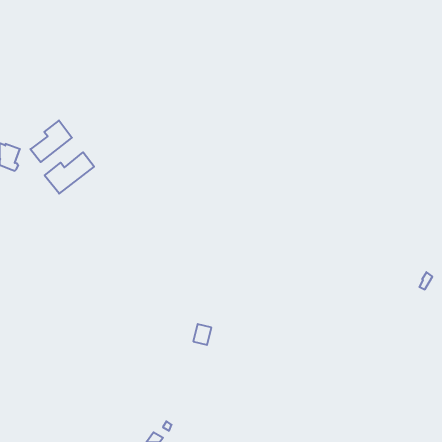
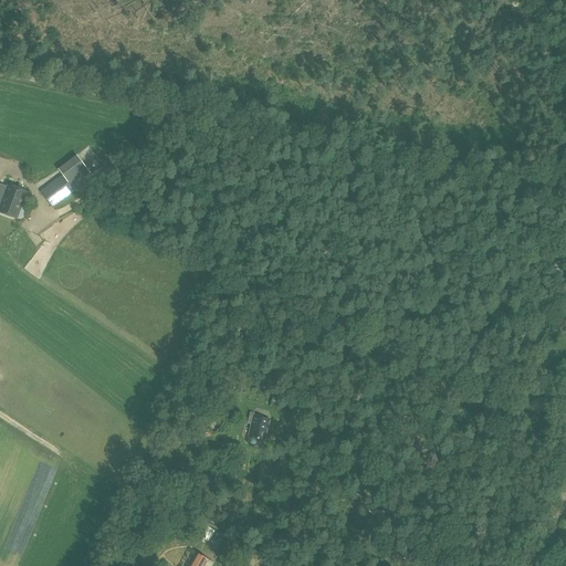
building: [45,152,94,194] -> none

